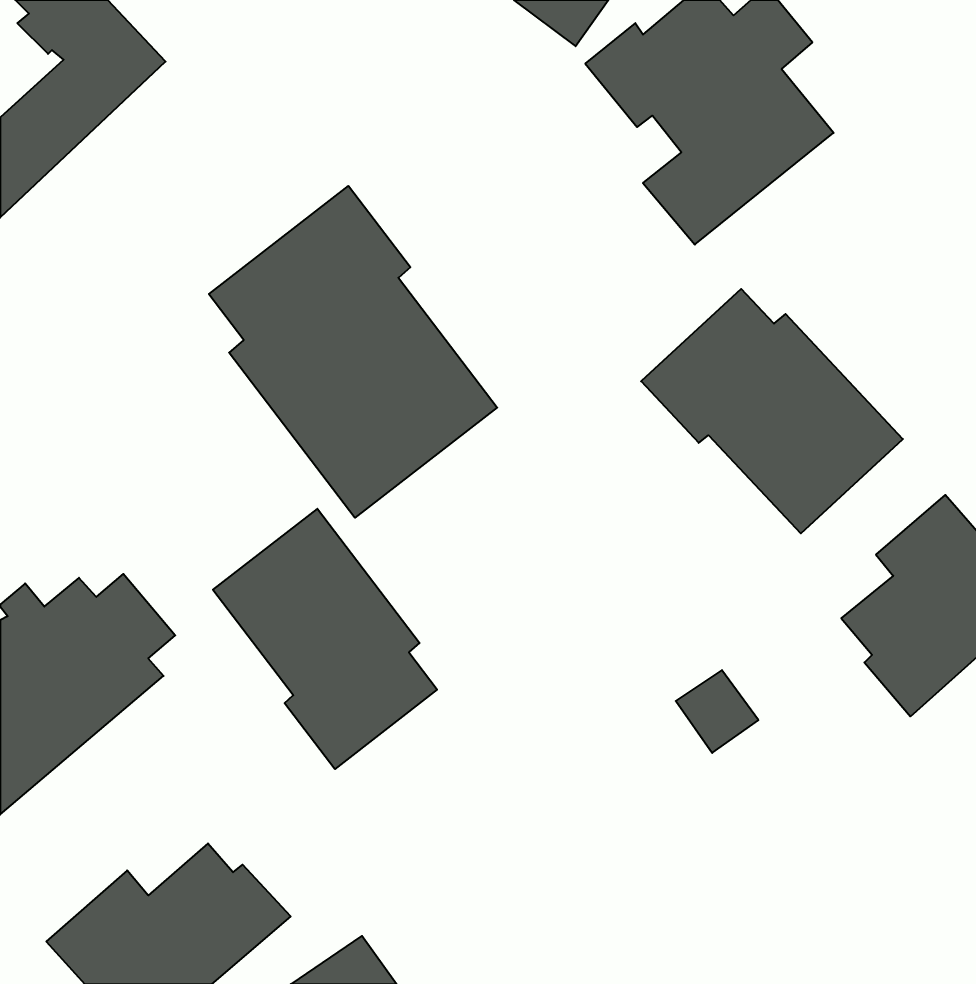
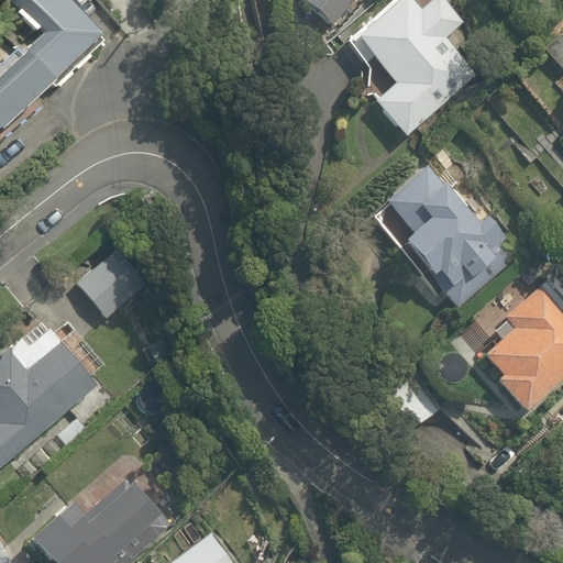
building: [209,186,497,518] -> none
building: none -> [73,250,137,317]
building: [213,509,437,769] -> none

